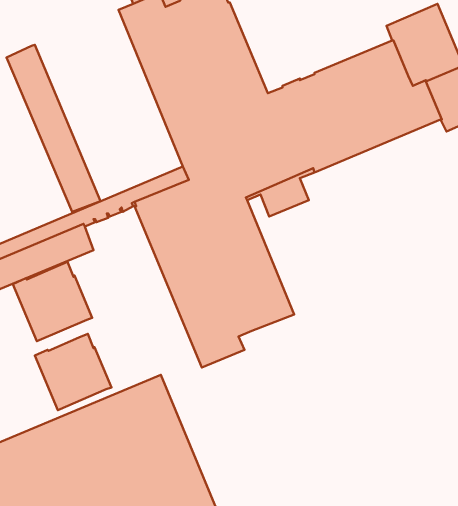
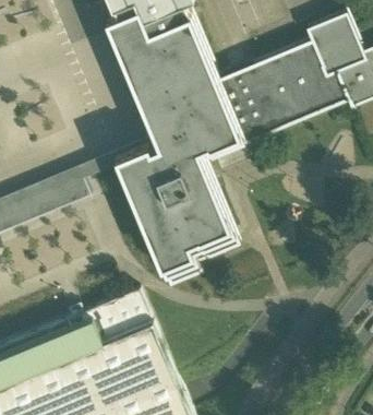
building: [6,45,101,212] -> none
building: [13,262,92,341] -> none
building: [35,334,112,410] -> none

